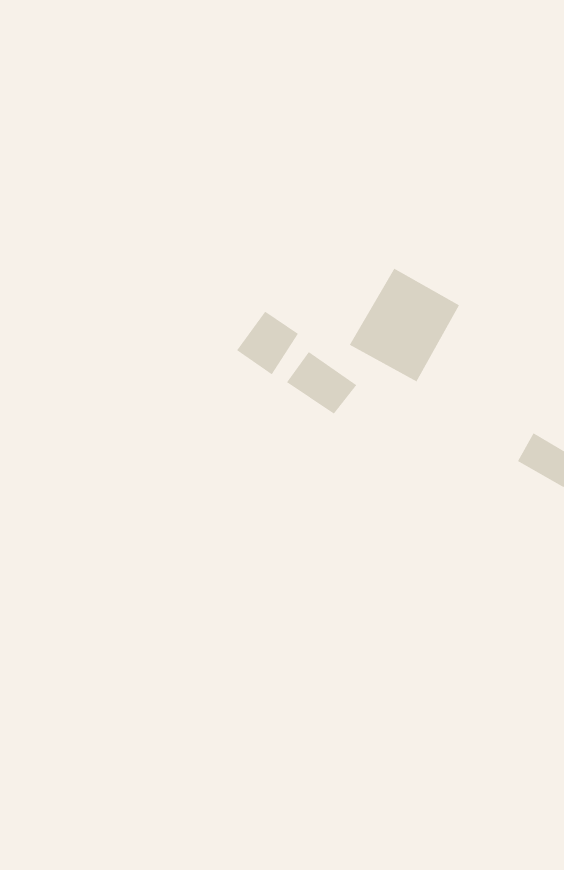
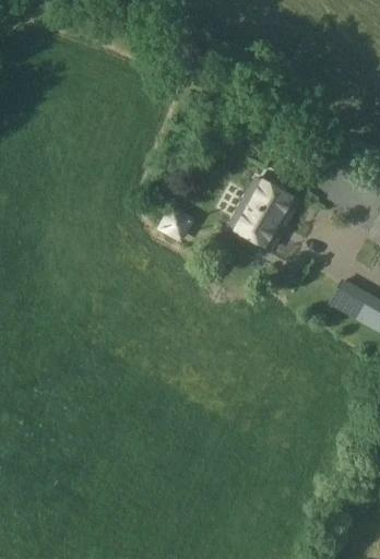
building: [286,351,357,415] -> none

